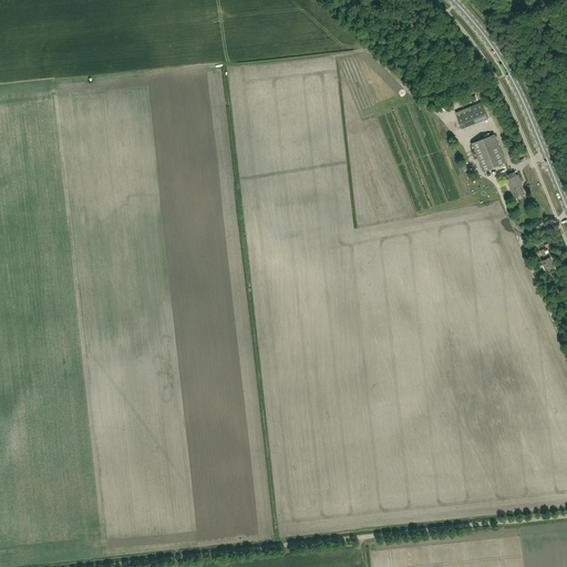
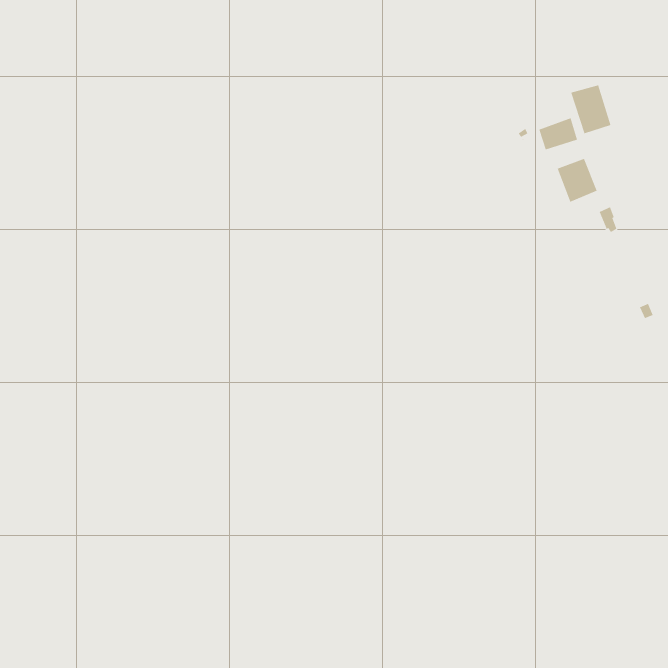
building: none -> [571,85,611,134]

